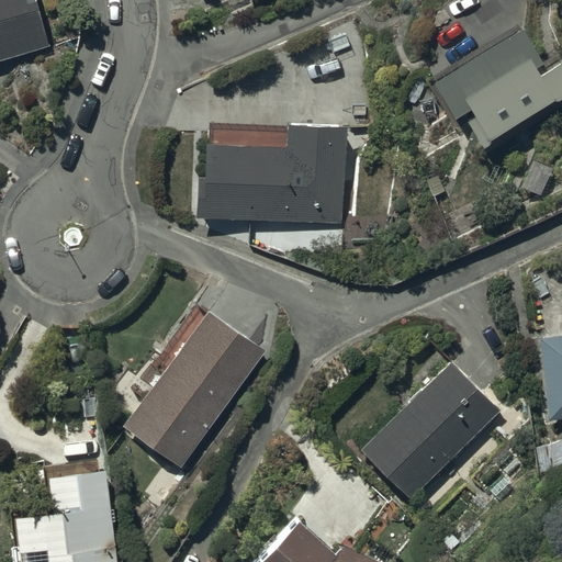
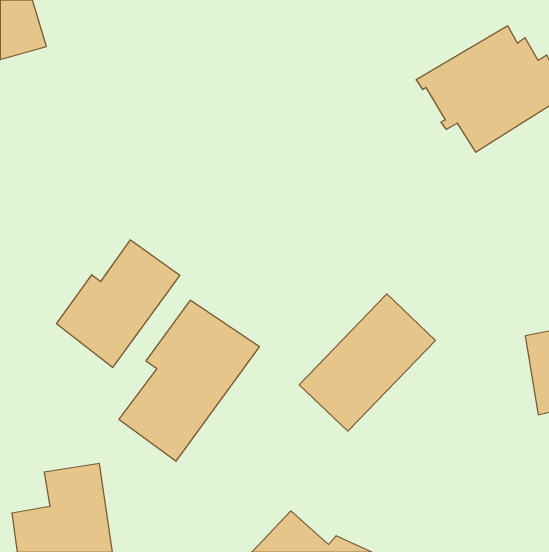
building: [192,125,345,225] -> none
building: none -> [57,240,180,368]
building: [362,362,501,502] -> [299,294,435,431]

